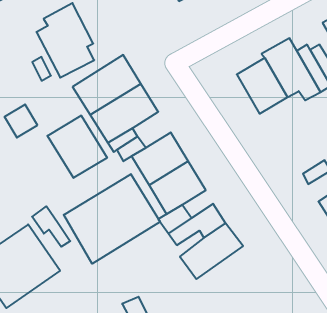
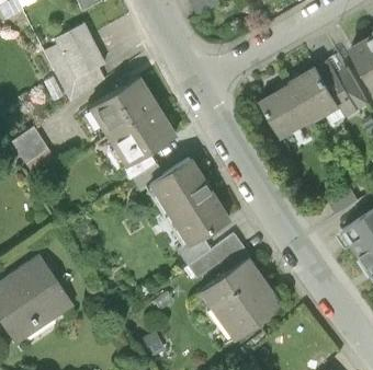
building: [47,115,107,178] -> none
building: [64,174,160,264] -> none
building: [32,206,70,247] -> none
building: none -> [216,279,283,339]

